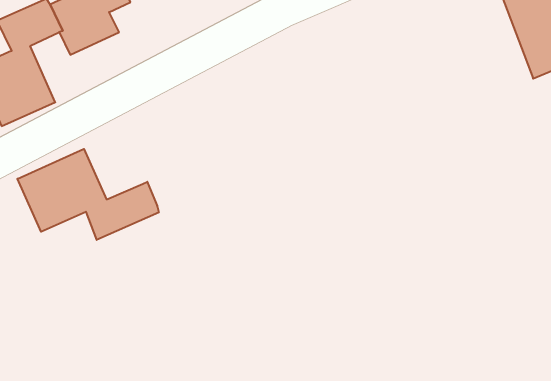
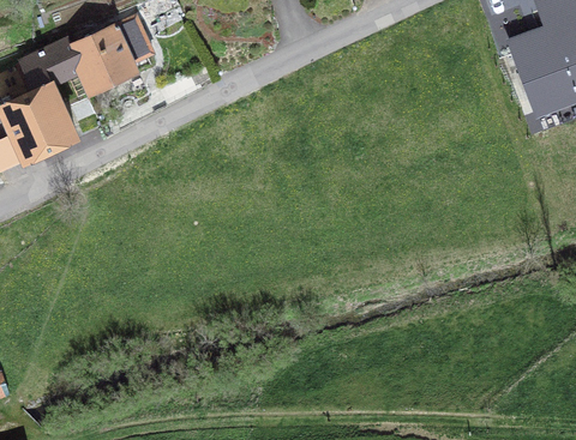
building: [17,149,159,240] -> none

